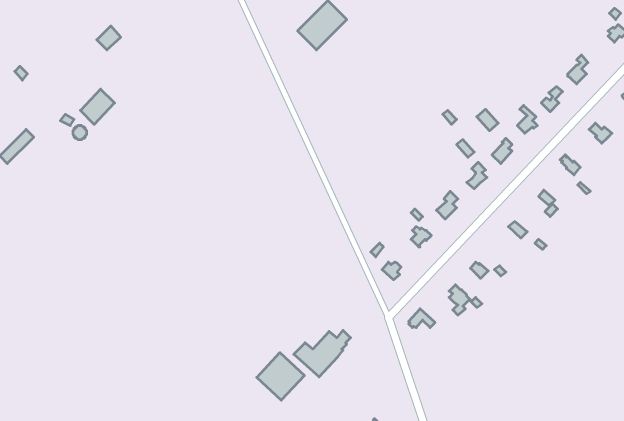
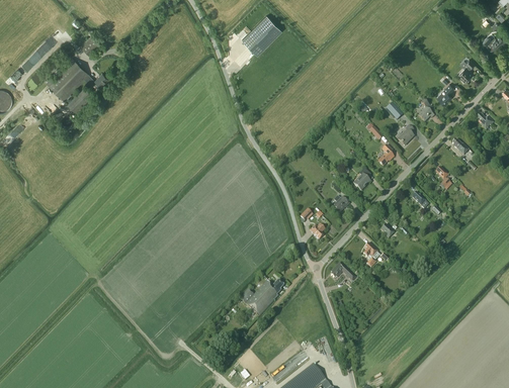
building: none -> [47,57,108,100]
building: [257,353,304,400] -> none

